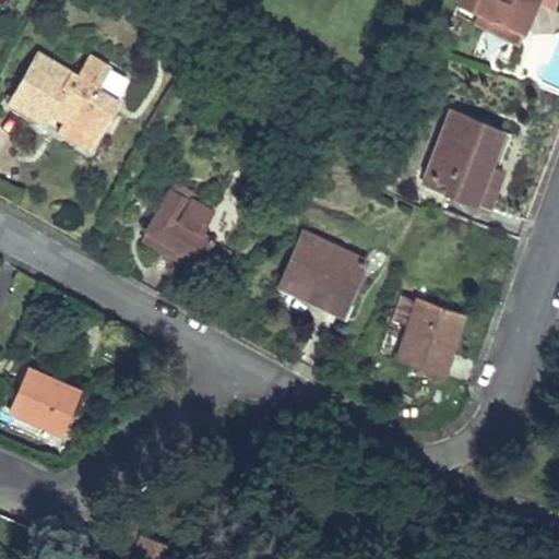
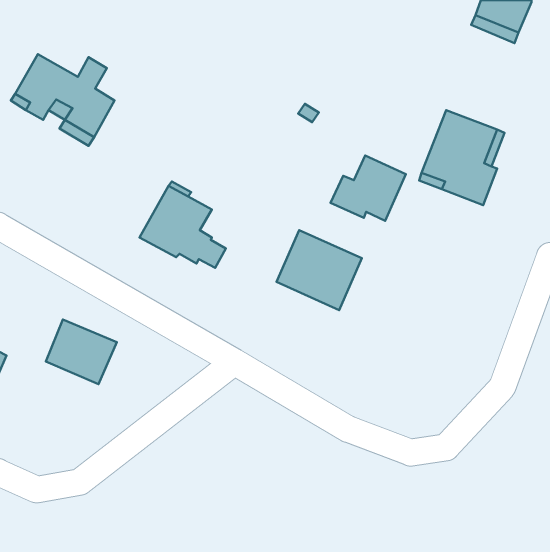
building: none -> [331,156,406,221]
building: [396,298,463,374] -> none
building: [9,368,81,433] -> [46,319,117,384]

